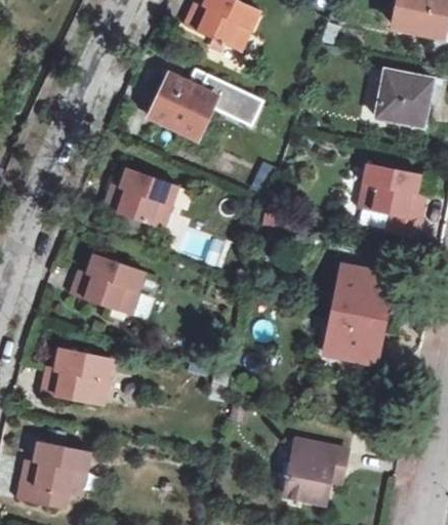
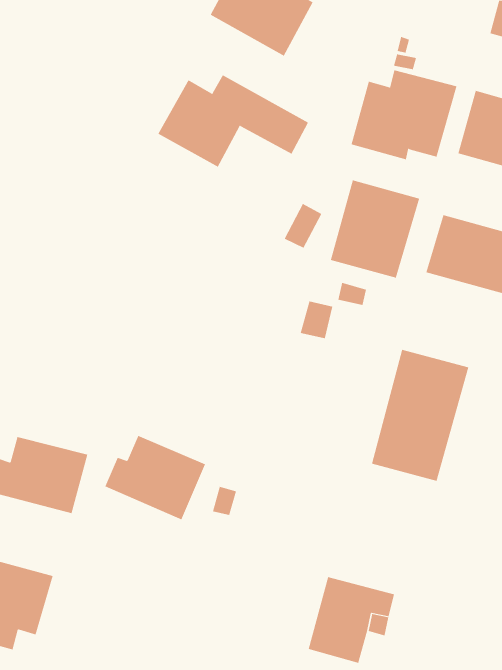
building: none -> [351,69,457,160]
building: none -> [330,180,420,278]
building: [103,167,178,229] -> none
building: [70,253,145,315] -> [105,435,206,520]

